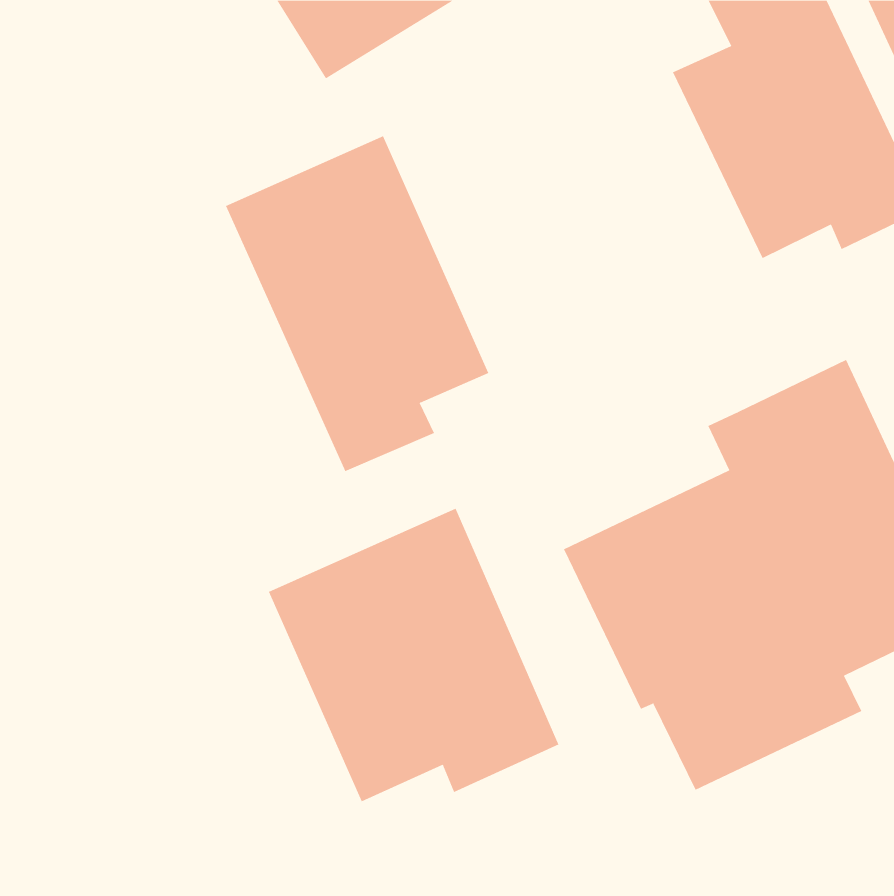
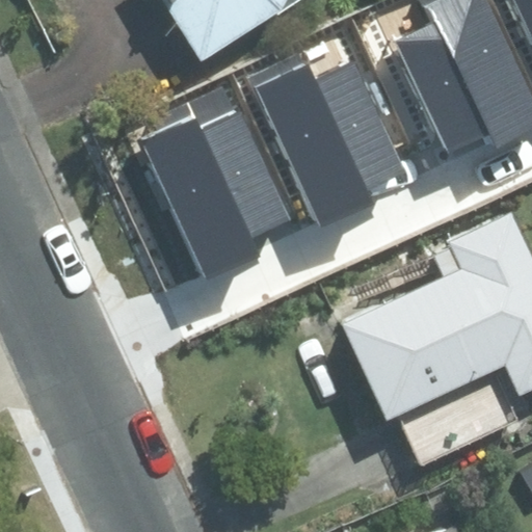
building: none -> [251,56,411,233]
building: [268,508,559,802] -> none

